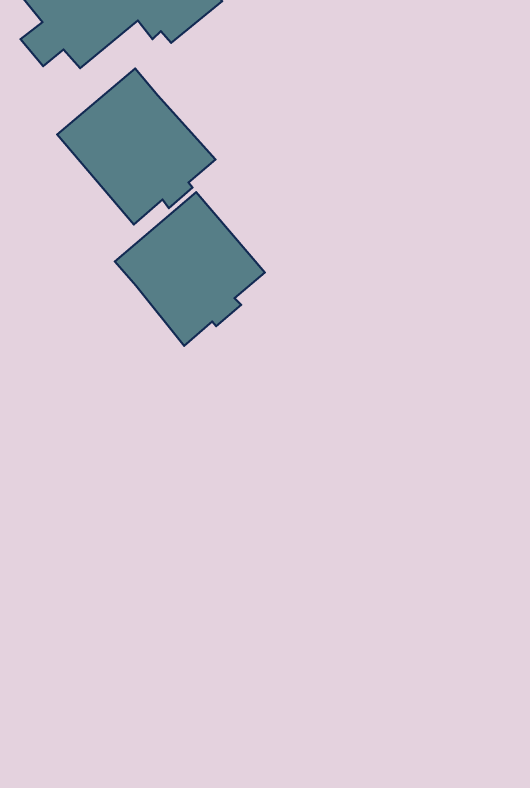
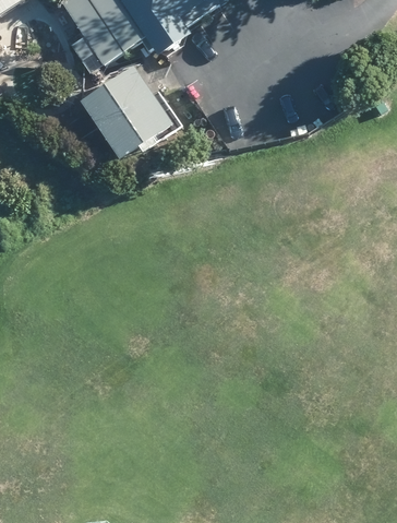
building: [115,192,265,346] -> none

